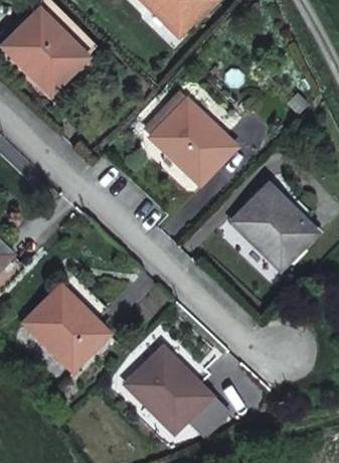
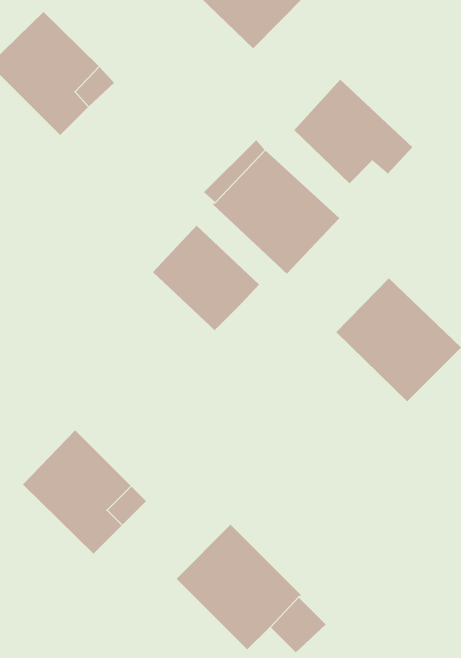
building: none -> [294,79,413,184]
building: none -> [152,225,260,332]

